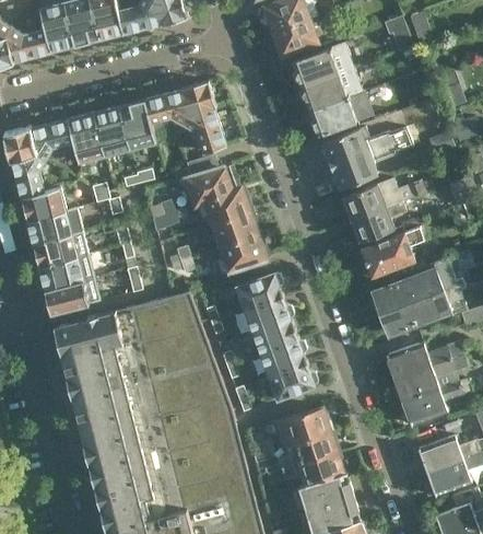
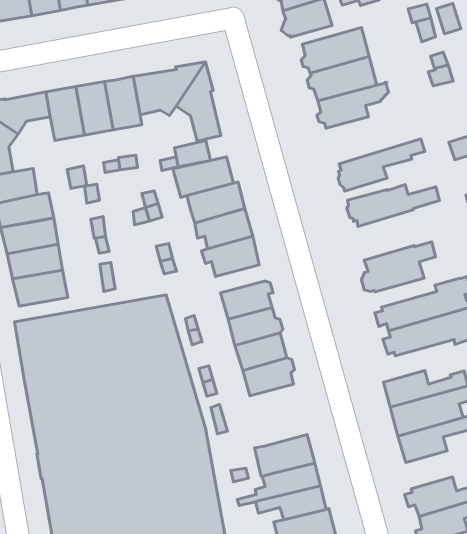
building: [321,127,402,164] -> none
building: [351,200,403,241] -> none
building: [267,363,316,399] -> none

